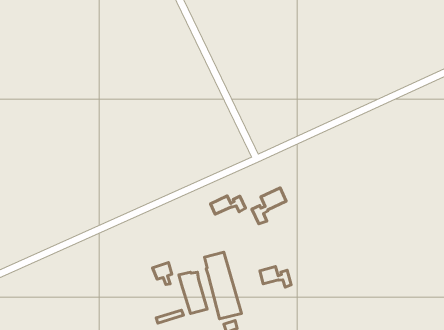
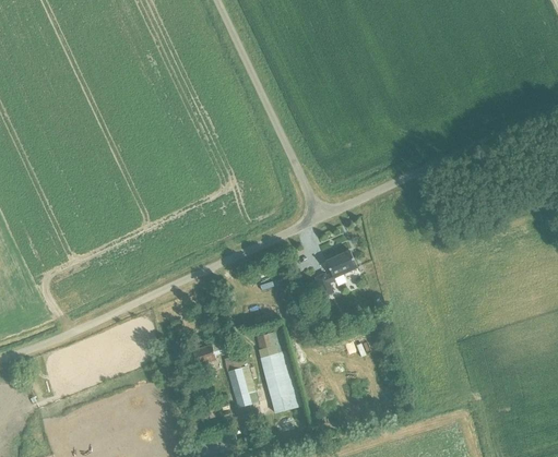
building: [210,196,245,214] -> none
building: [260,266,291,287] -> none

